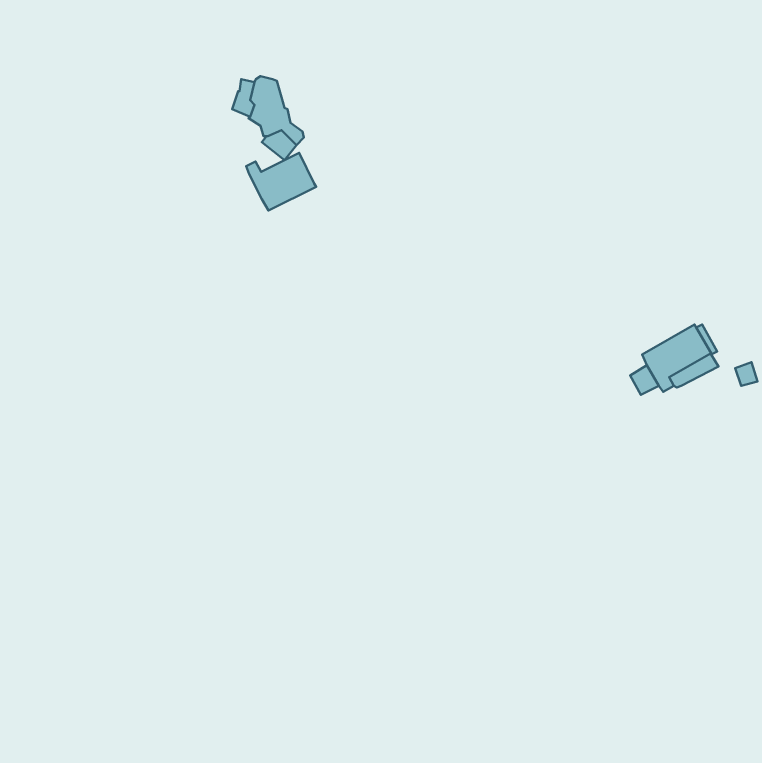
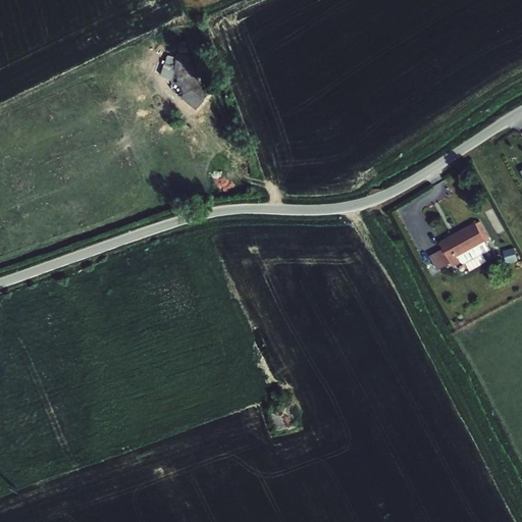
building: [246,153,316,211] -> none

